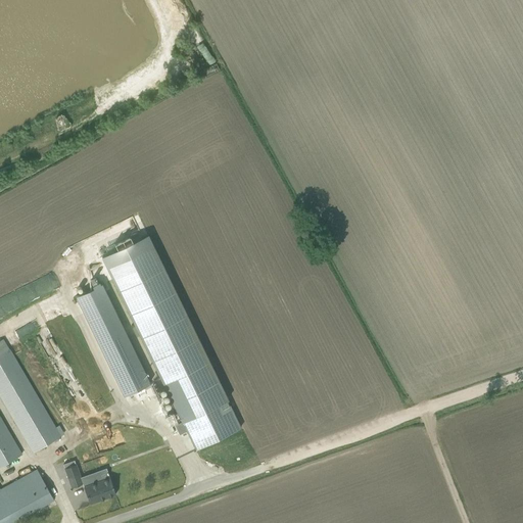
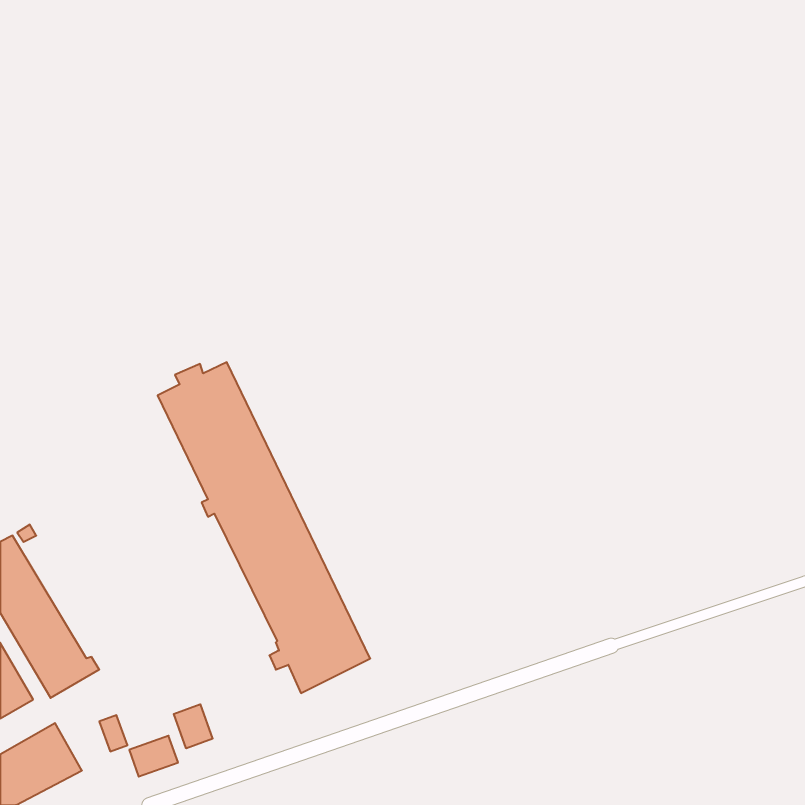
building: [76,282,150,395] -> none
building: none -> [174,704,213,748]

